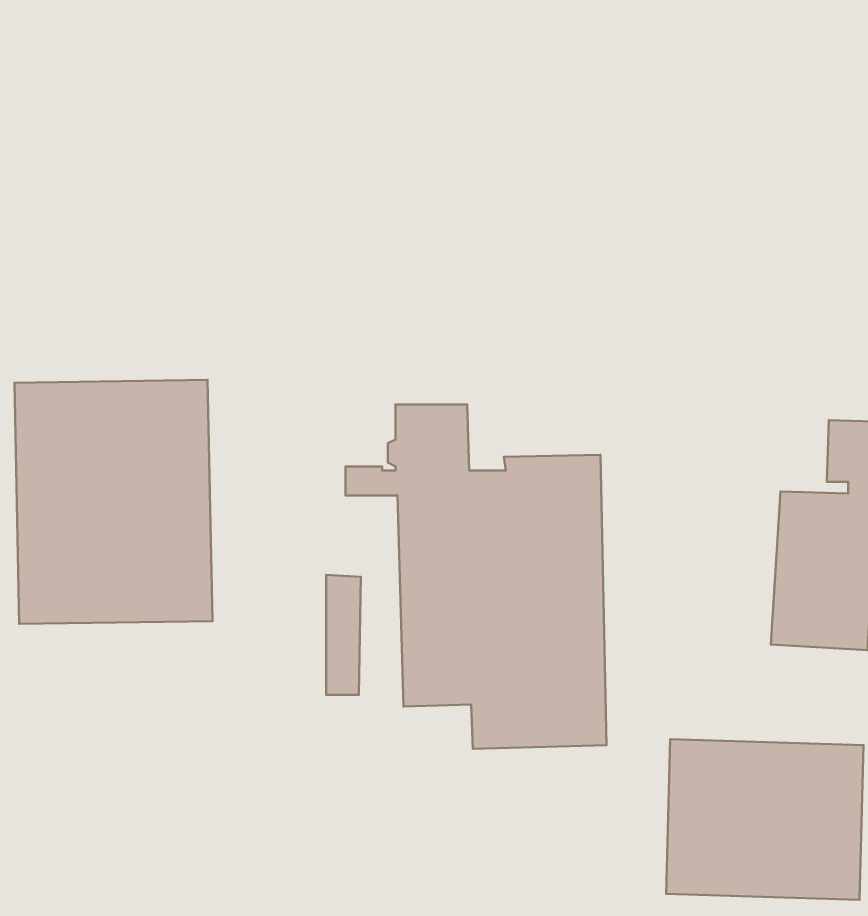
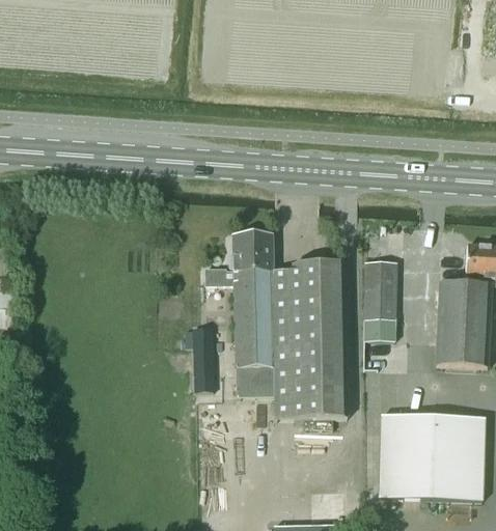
building: [14,380,212,624] -> none
building: none -> [363,260,395,340]

